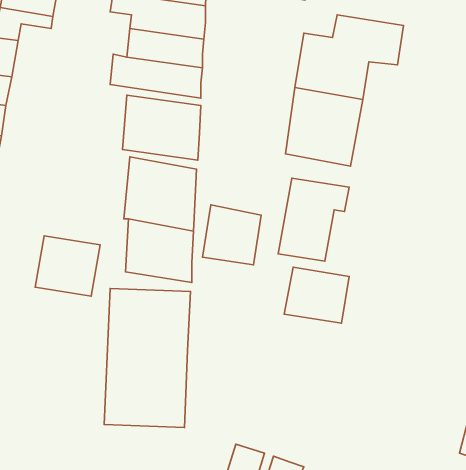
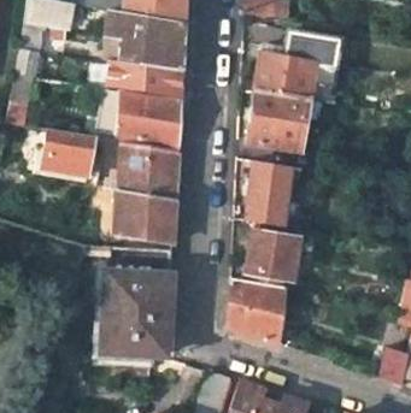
building: [202,205,261,265] -> none
building: [35,236,100,296] -> [39,130,90,178]
building: none -> [229,281,284,343]

